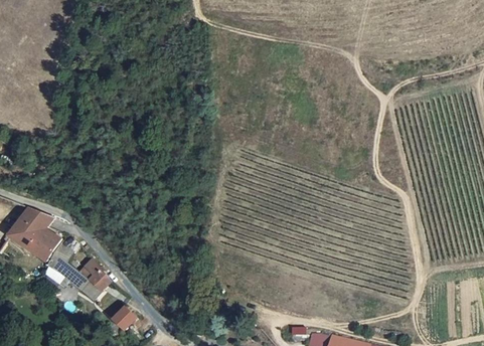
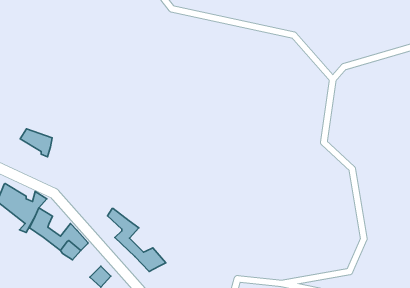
building: [19,204,54,235] -> [20,129,52,157]
building: none -> [108,209,166,272]

